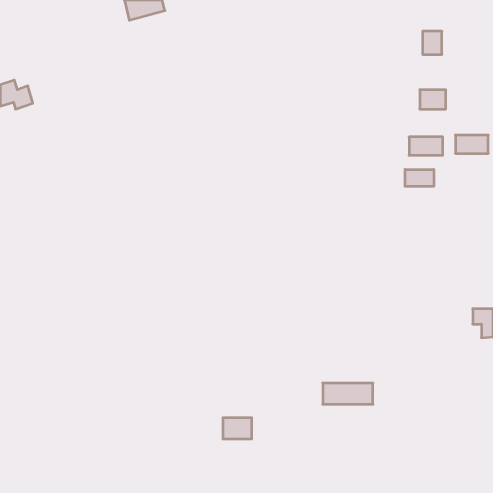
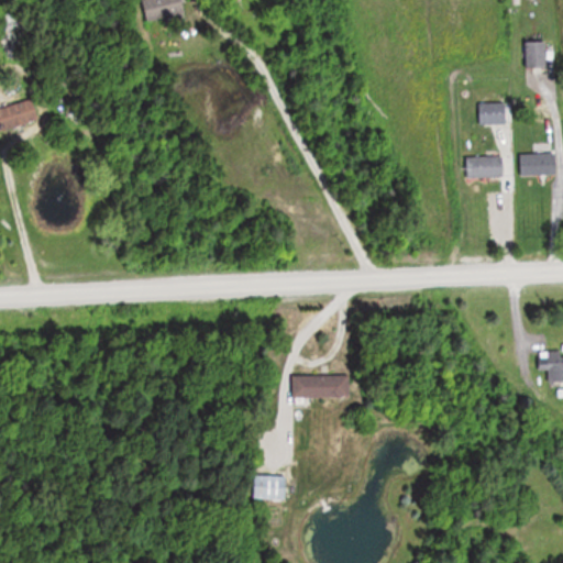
building: [423,31,442,54] -> [526,42,548,68]
building: [405,169,434,186] -> none
building: [323,383,373,404] -> [292,375,350,399]

